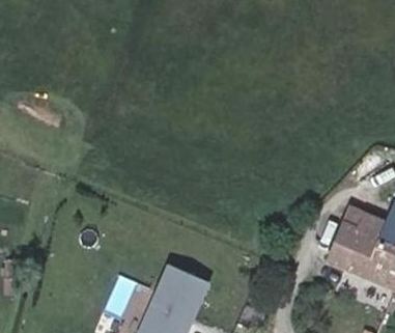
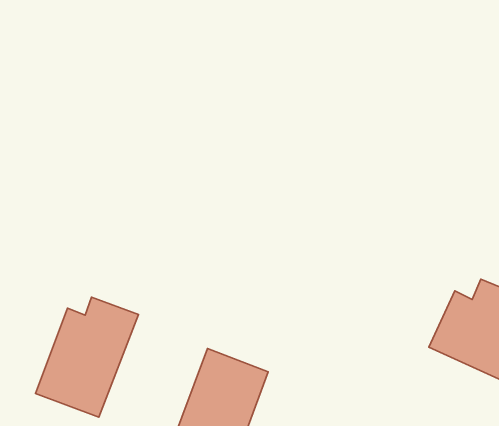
building: none -> [36,297,138,417]

